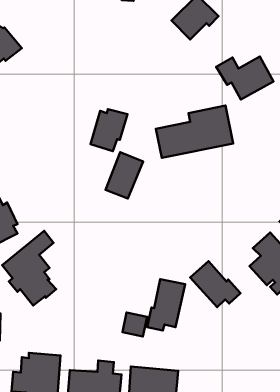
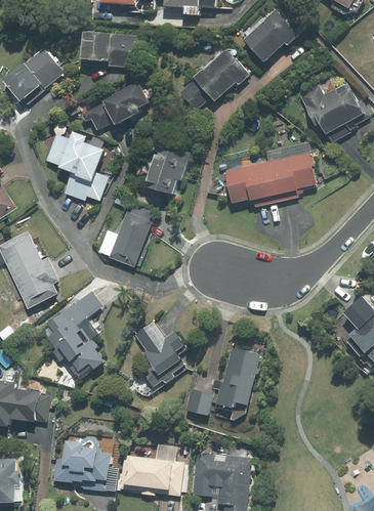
building: none -> [81,31,135,69]
building: none -> [177,49,249,111]
building: none -> [88,81,151,130]
building: none -> [43,128,110,202]
building: [105,152,143,198] -> [107,212,152,267]
building: none -> [135,322,184,387]
building: [190,261,241,307] -> none

